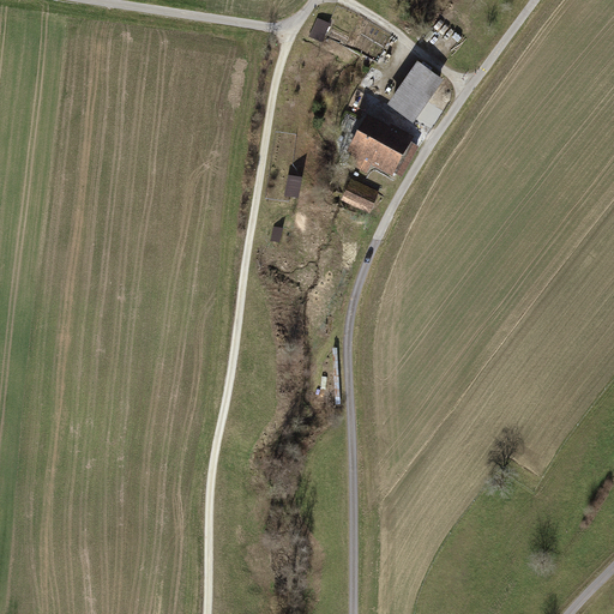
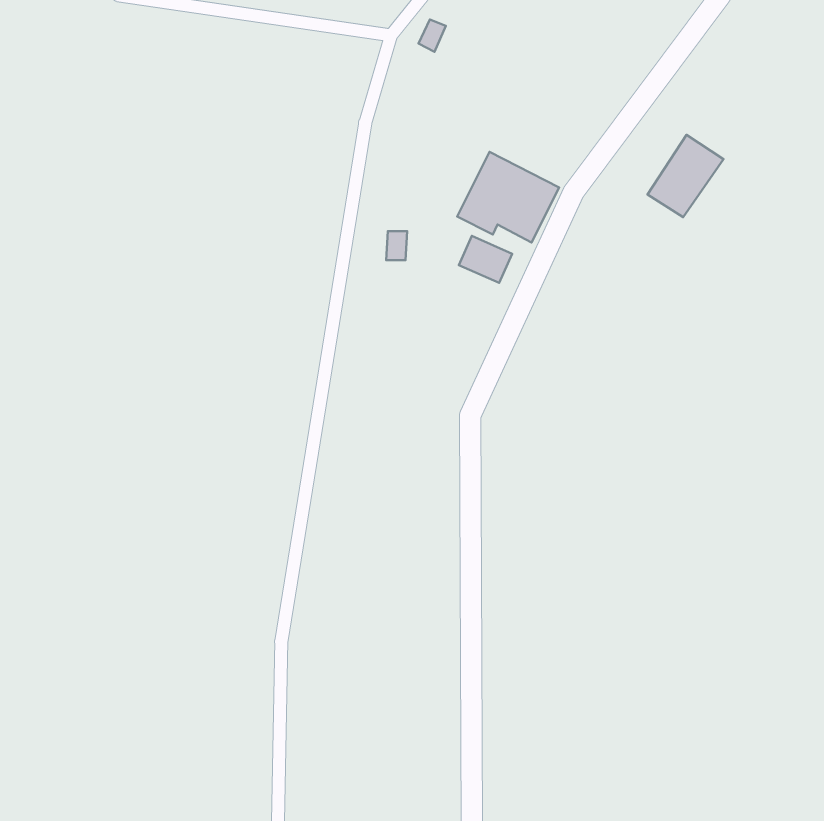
building: [387,60,444,121] -> [648,135,724,217]

